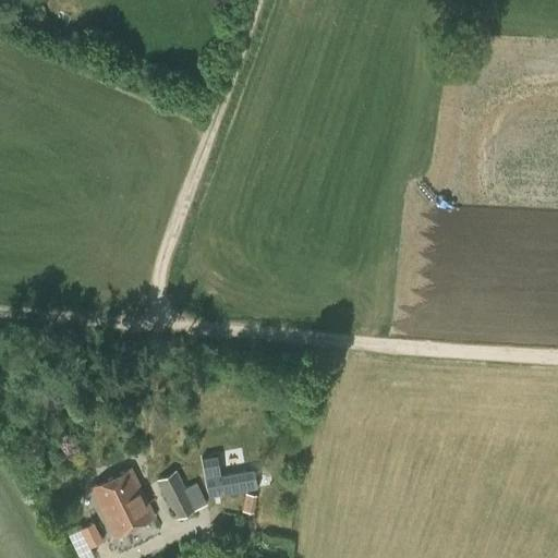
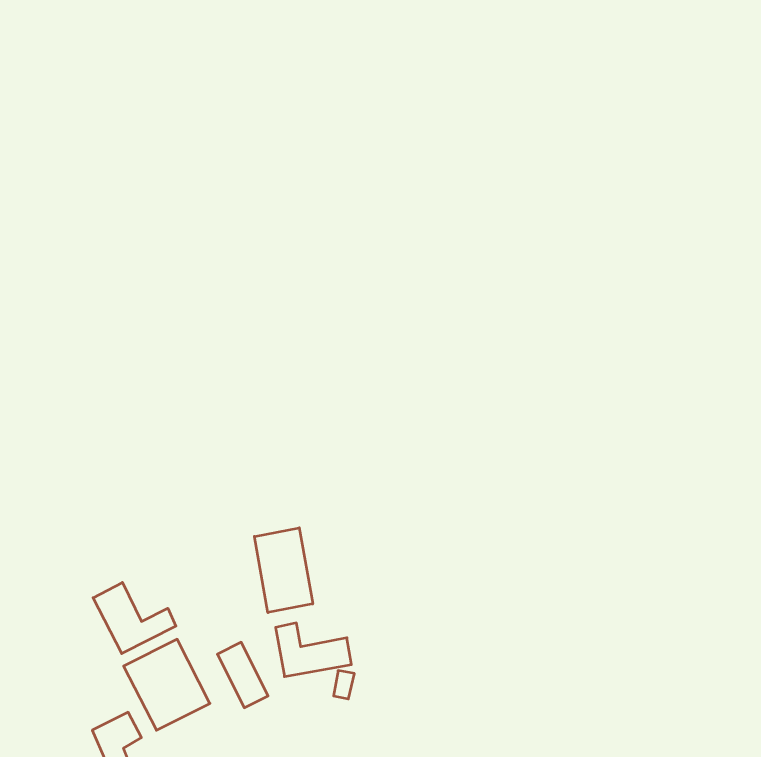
building: none -> [254,528,313,613]
building: none -> [93,582,176,654]

